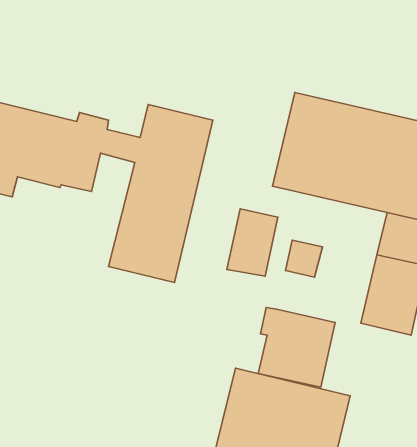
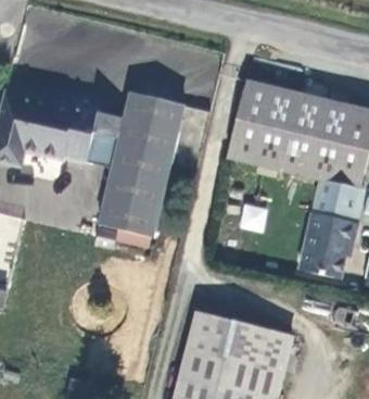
building: [227,209,278,276] -> none
building: [258,308,335,387] -> none

